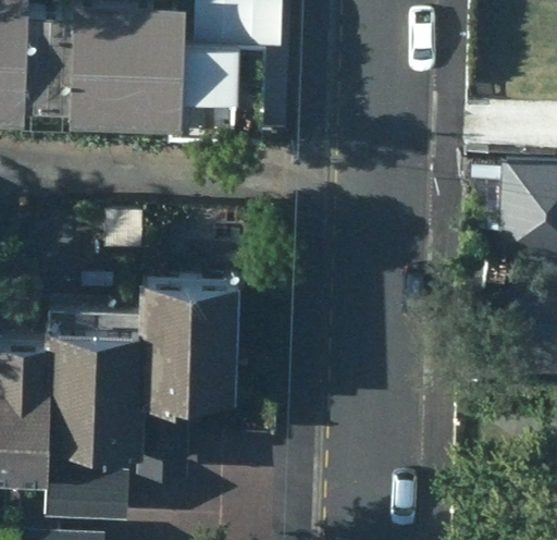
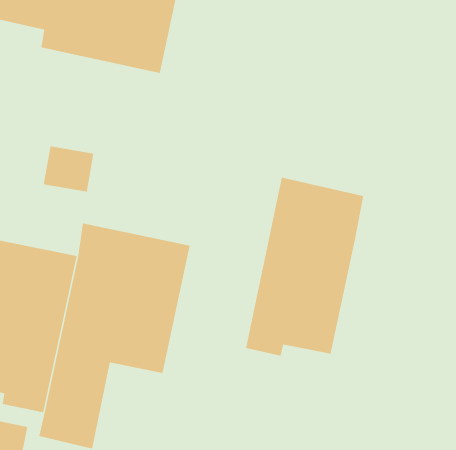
building: none -> [245,177,364,356]

